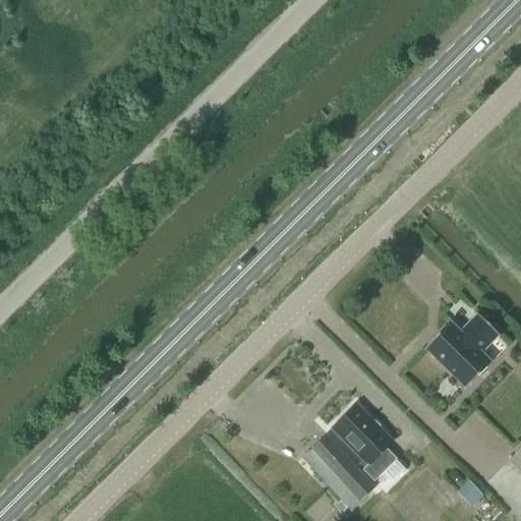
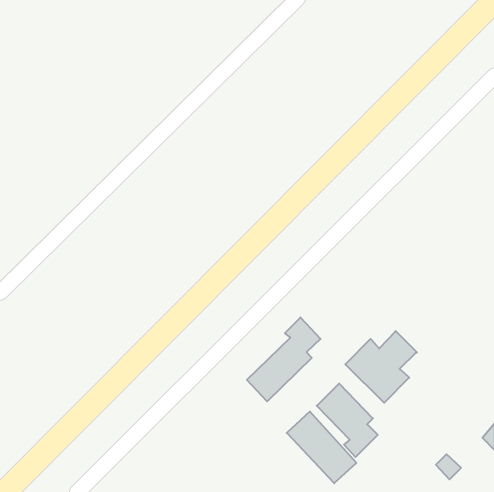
building: [425,311,501,387] -> [345,331,417,403]
building: none -> [247,317,321,401]

